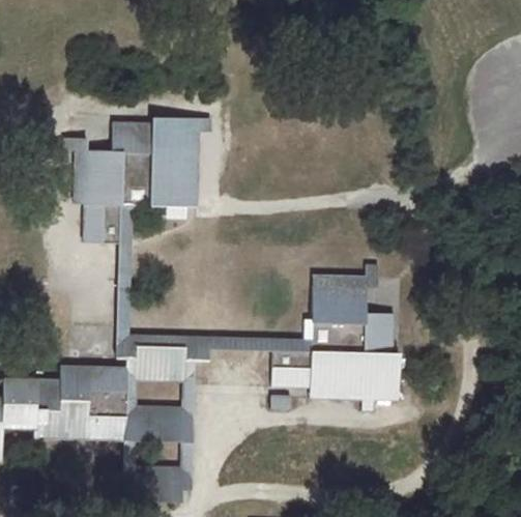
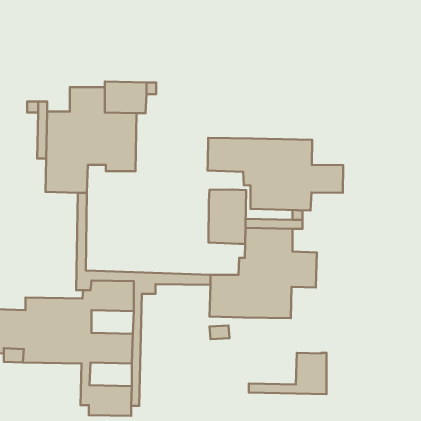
building: none -> [207,138,343,210]
building: none -> [209,190,246,244]
building: [311,352,400,400] -> [249,353,326,394]

